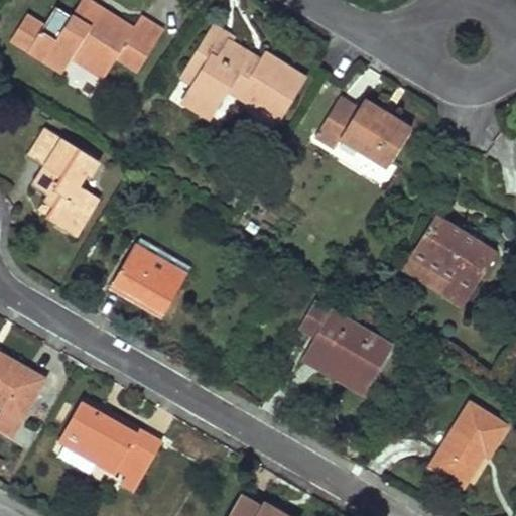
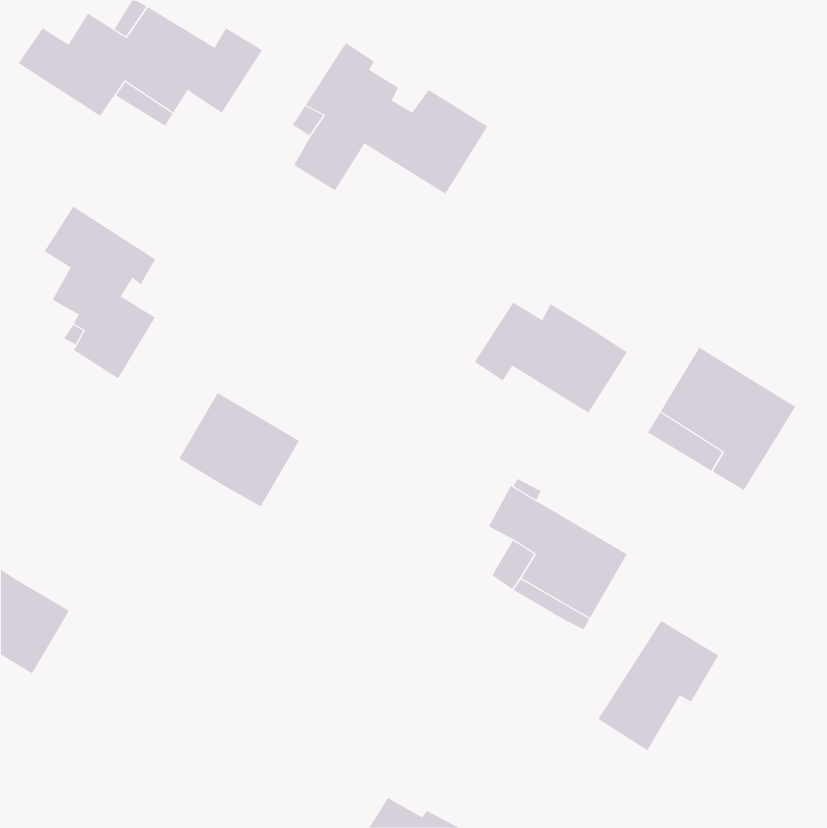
building: [316,99,412,168] -> [474,302,628,414]
building: [59,399,162,491] -> none
building: [431,404,507,486] -> [598,620,719,751]

